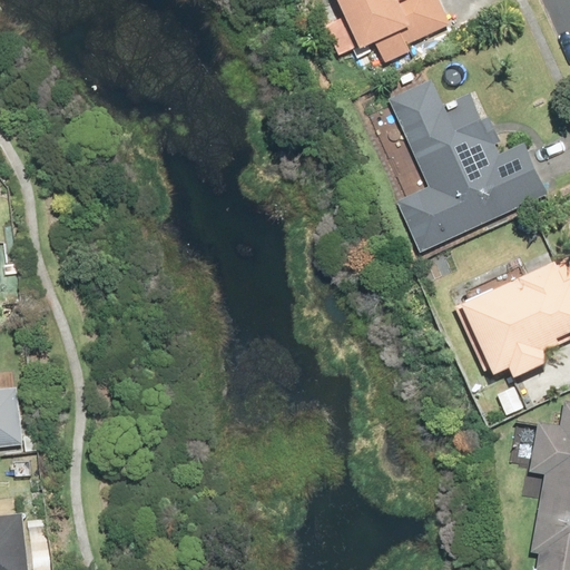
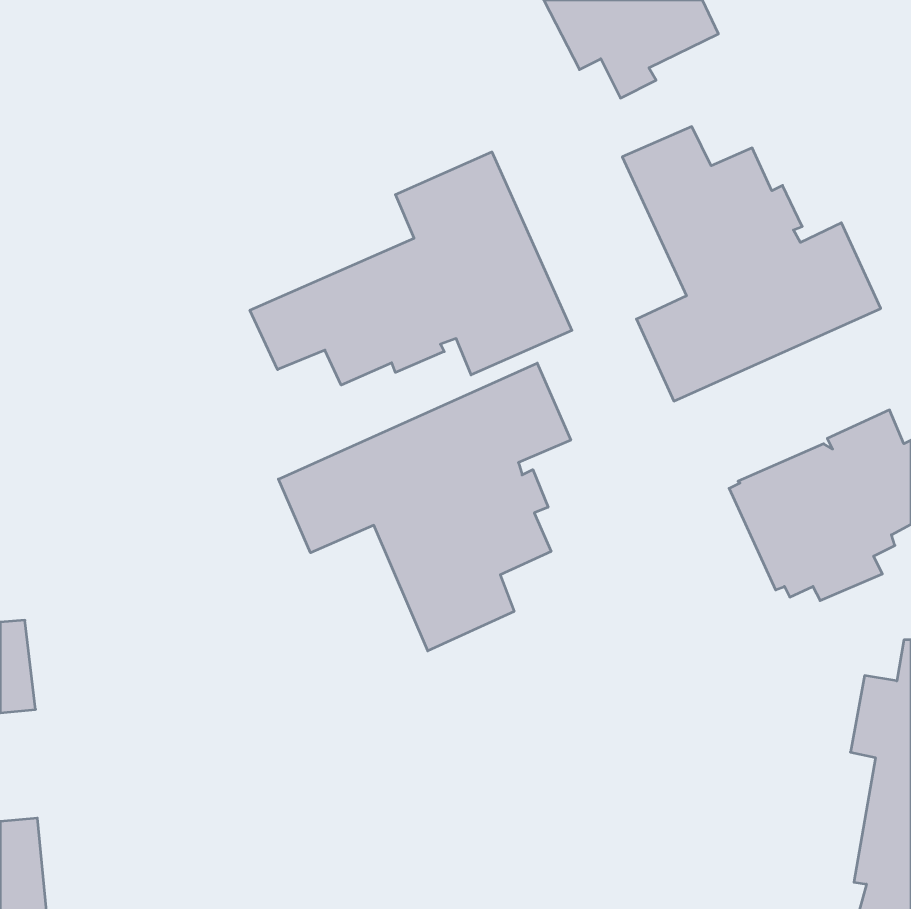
building: none -> [250,152,572,385]
building: none -> [278,363,571,651]

